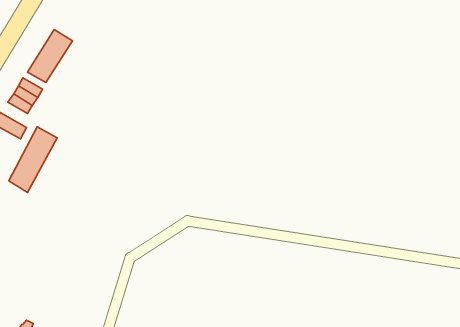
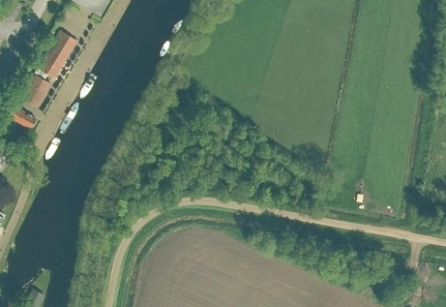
building: [9,127,57,193] -> none

